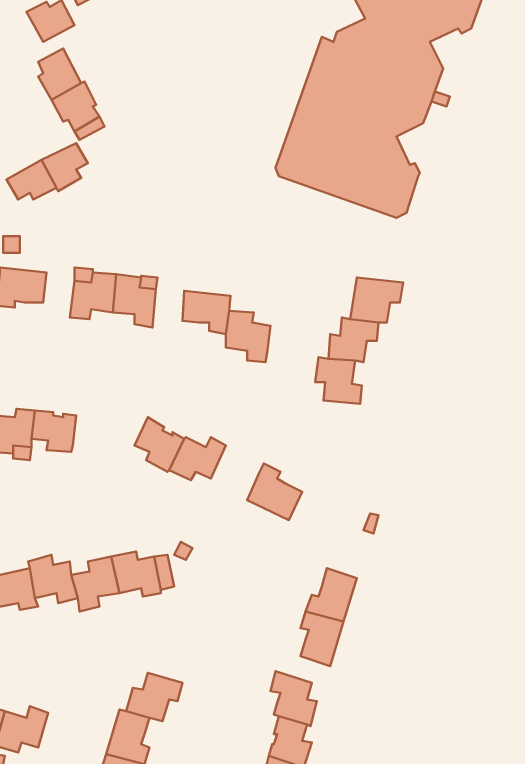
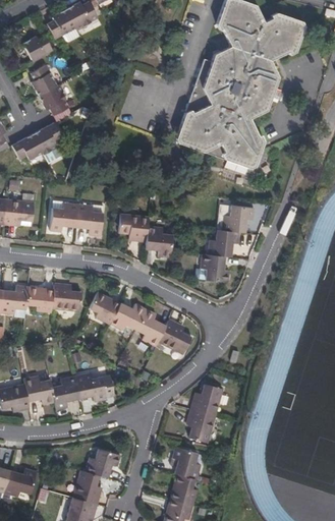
building: none -> [52,285,79,311]
building: none -> [136,308,166,346]

